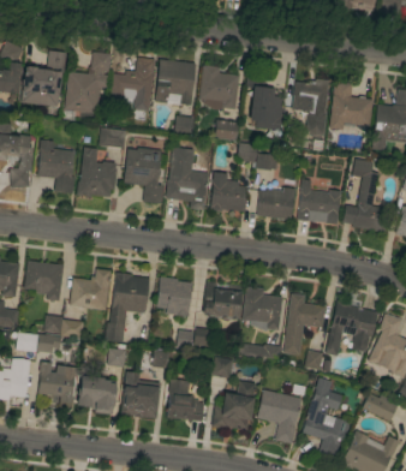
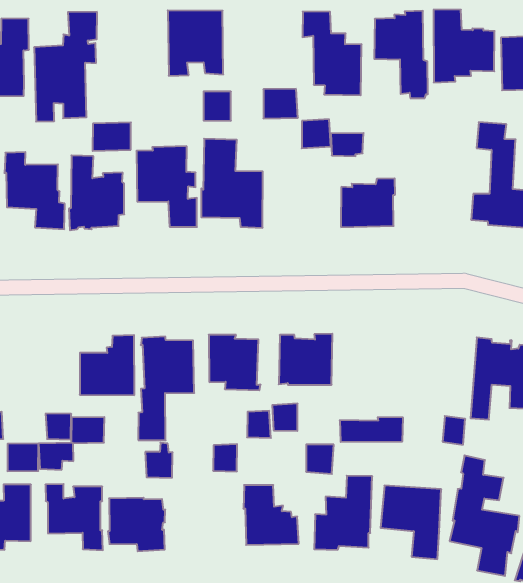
building: [111,56,155,109] -> none
building: [199,65,239,109] -> none
building: [210,172,246,211] -> none
building: [298,179,341,225] -> none
building: [24,261,64,302] -> none
building: [243,287,282,332] -> none
building: [283,294,326,356] -> none
building: [121,371,160,418] -> none

